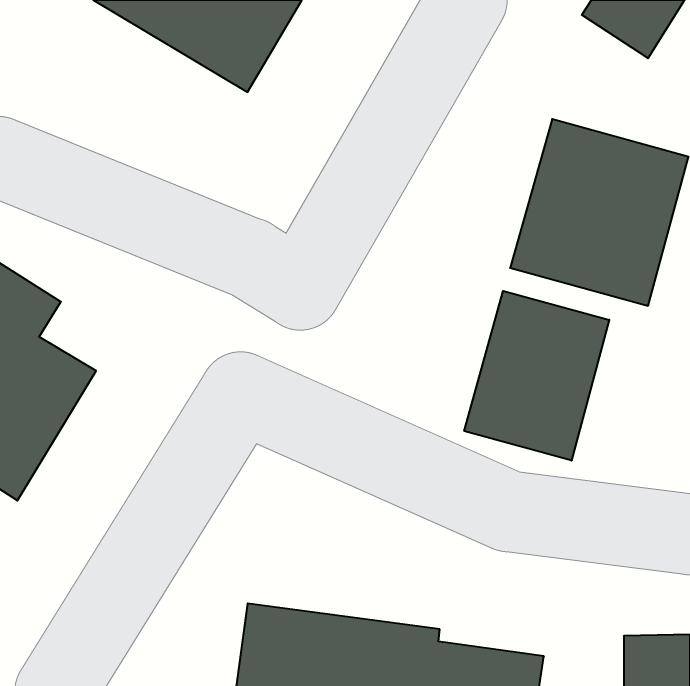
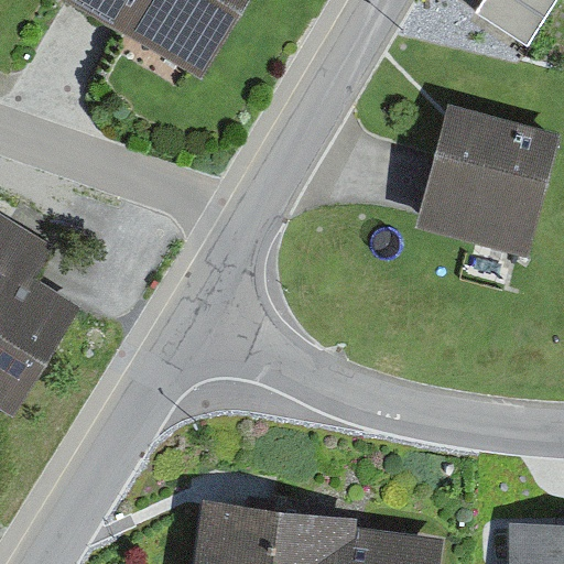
building: [464,291,609,461] -> none

